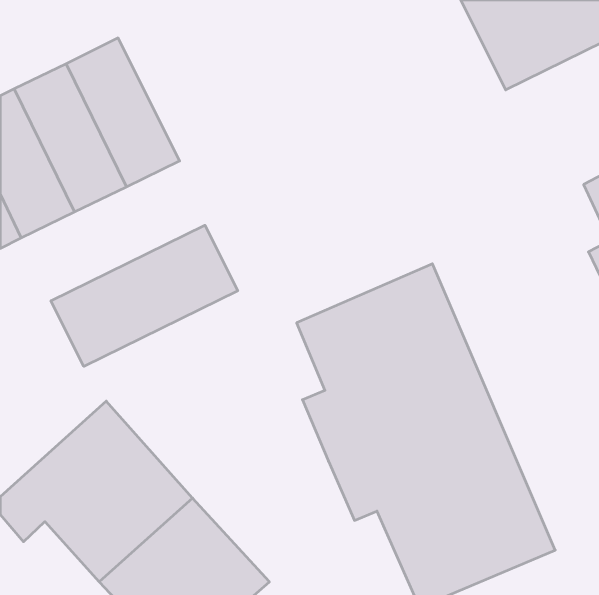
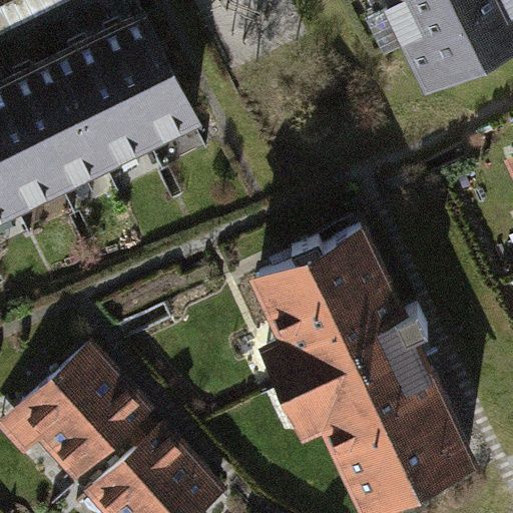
building: none -> [104,18,201,144]
building: [51,225,238,366] -> none

